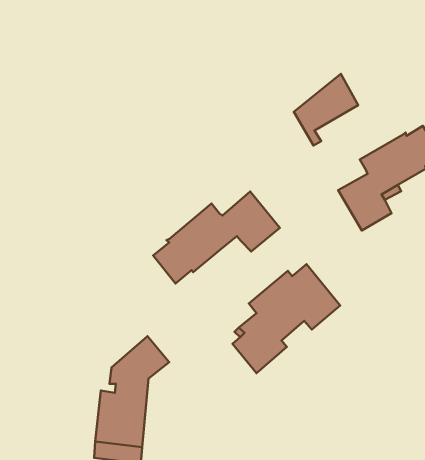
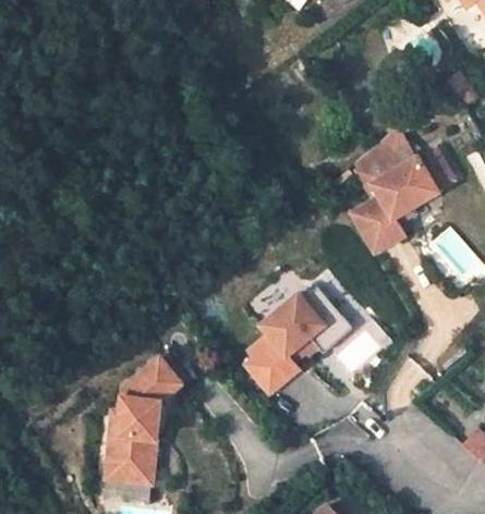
building: [294,74,358,146] -> [351,125,415,197]
building: [153,191,280,283] -> none

